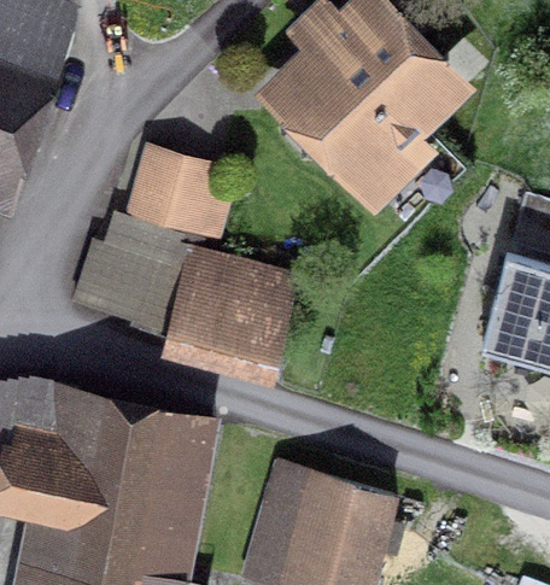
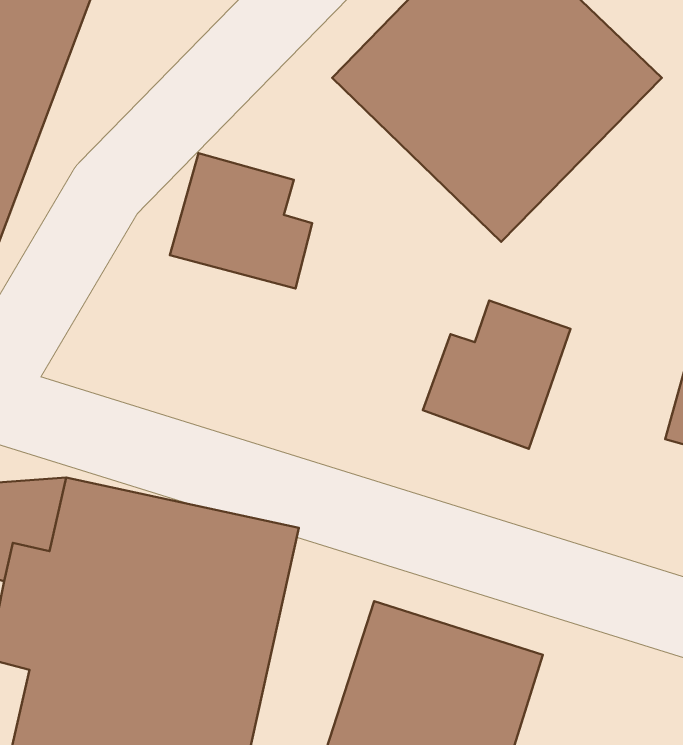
building: [72,220,299,370] -> none
building: none -> [423,301,571,449]

